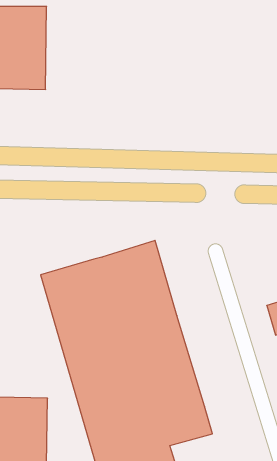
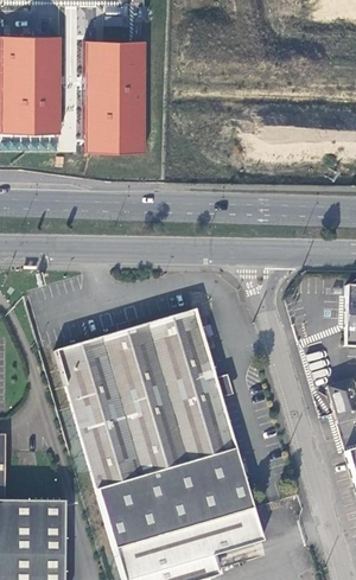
building: none -> [85,32,147,147]

